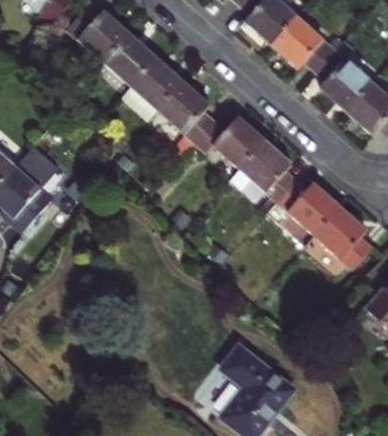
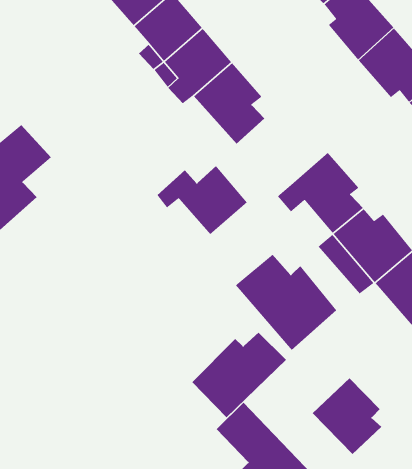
building: [198,111,267,164] -> [156,165,248,235]
building: none -> [235,254,337,351]
building: none -> [191,332,287,418]
building: none -> [312,378,382,455]

